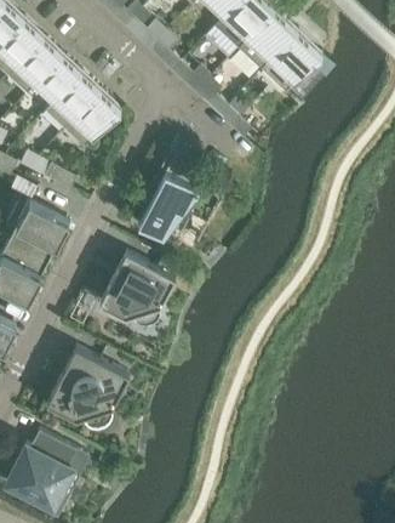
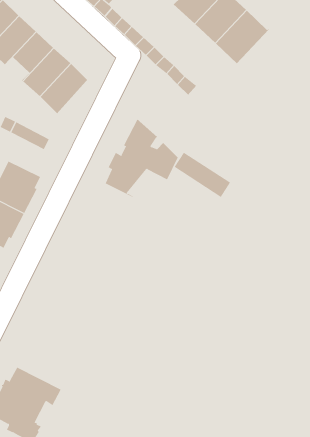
building: none -> [174,152,231,198]
building: [98,250,174,324] -> none
building: [46,346,128,426] -> none

